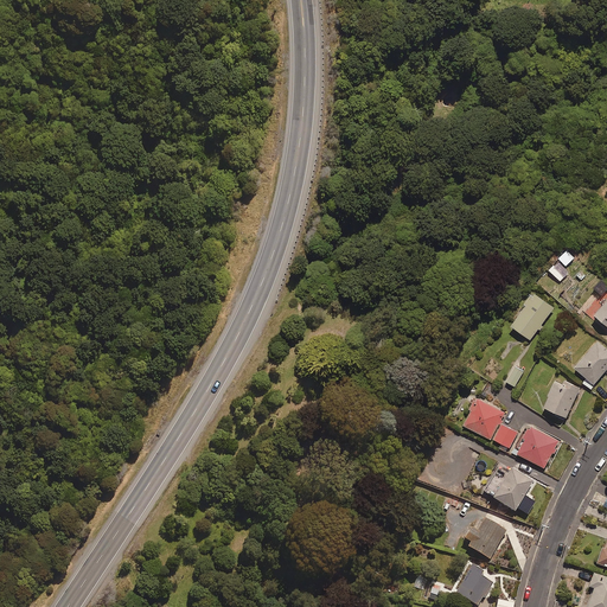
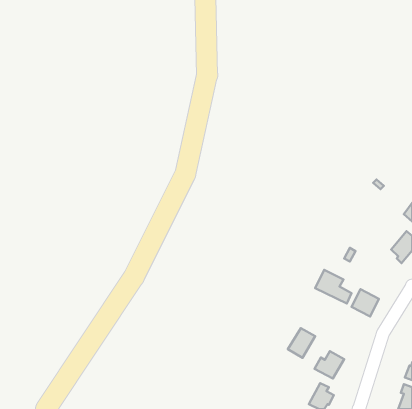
building: [512,294,554,340] -> none
building: [543,379,580,418] -> none
building: [492,467,532,511] -> [288,328,315,358]

